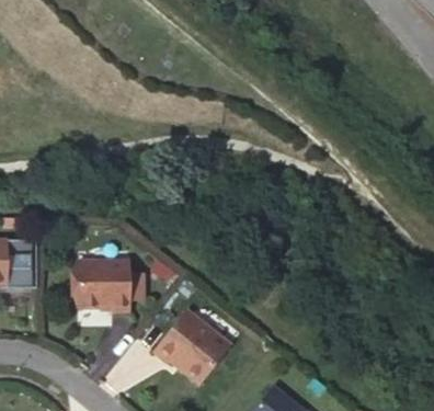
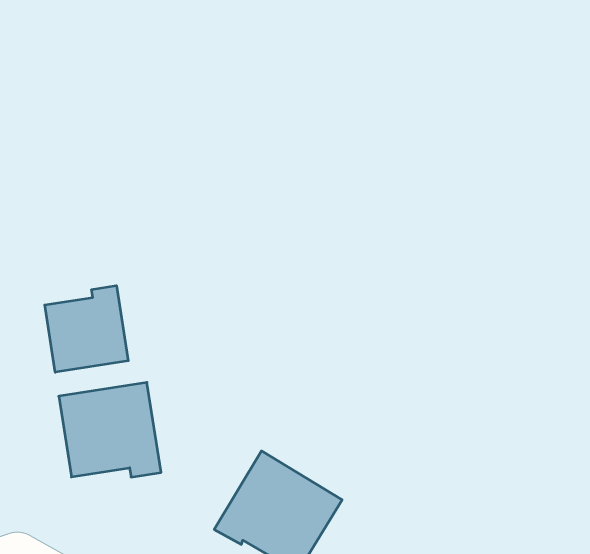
building: none -> [45,286,128,372]

